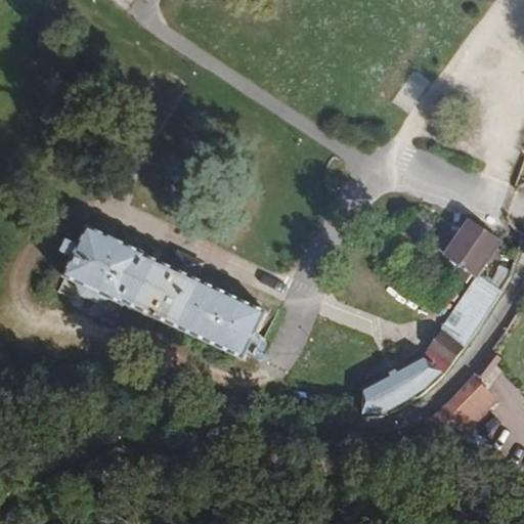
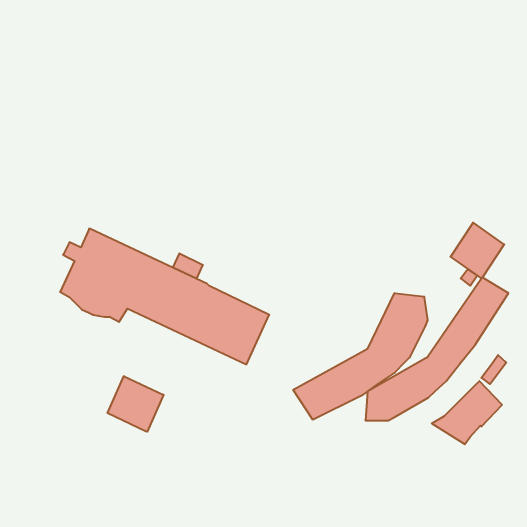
building: none -> [293,293,427,420]
building: none -> [108,376,164,432]

